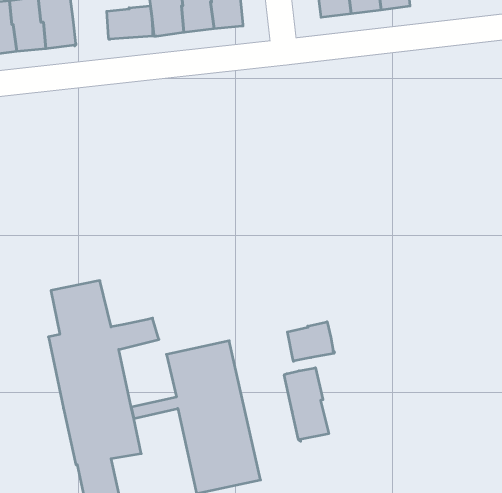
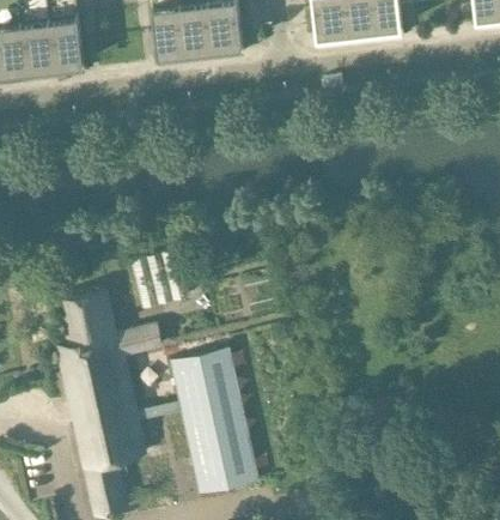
building: [107,6,154,39] -> none
building: [287,322,334,361] -> none
building: [284,368,329,441] -> none

